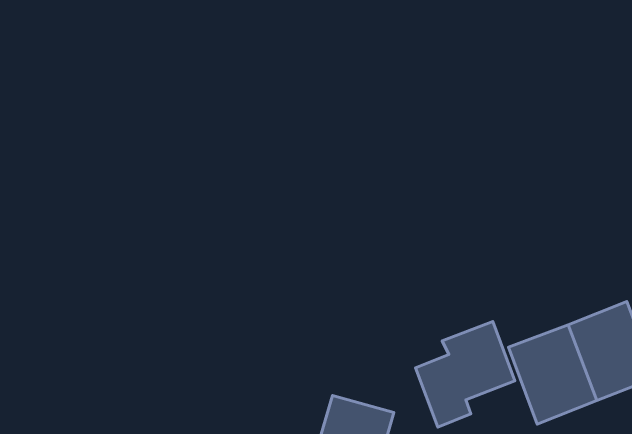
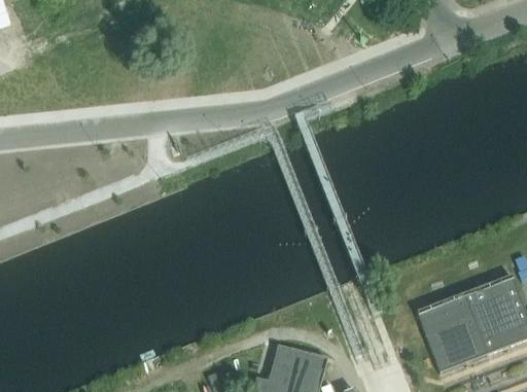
building: [416,322,515,427] -> none

